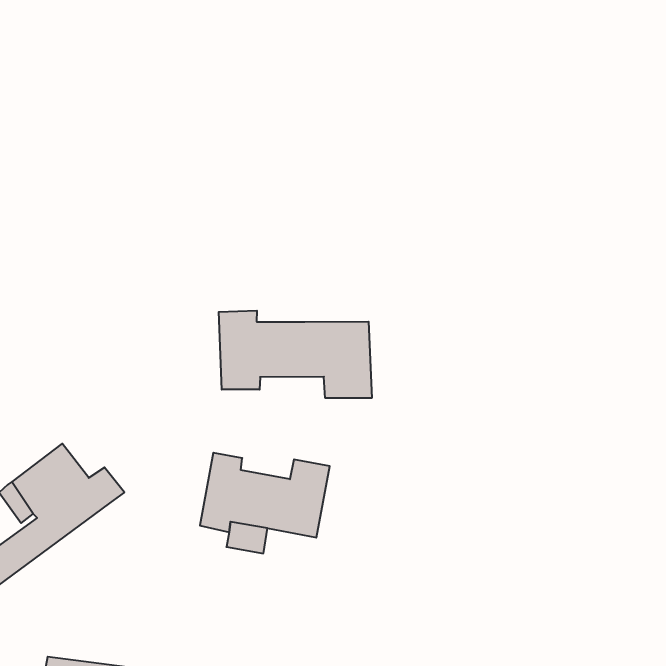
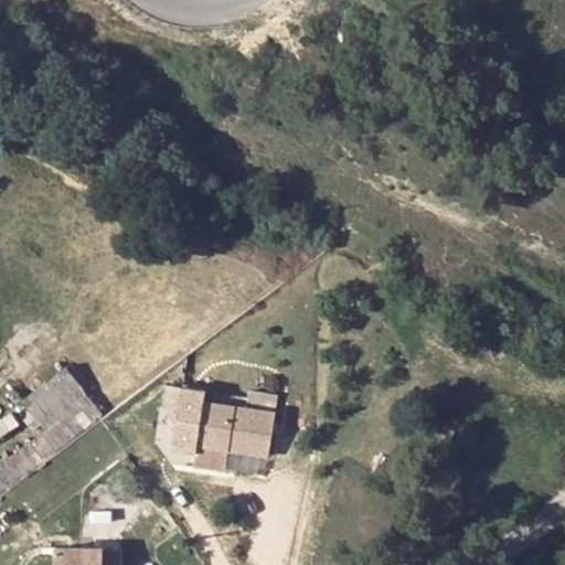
building: [219,311,372,398] -> none

